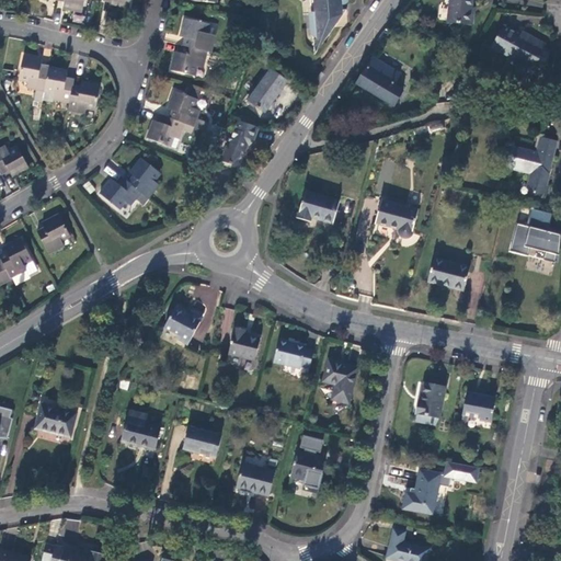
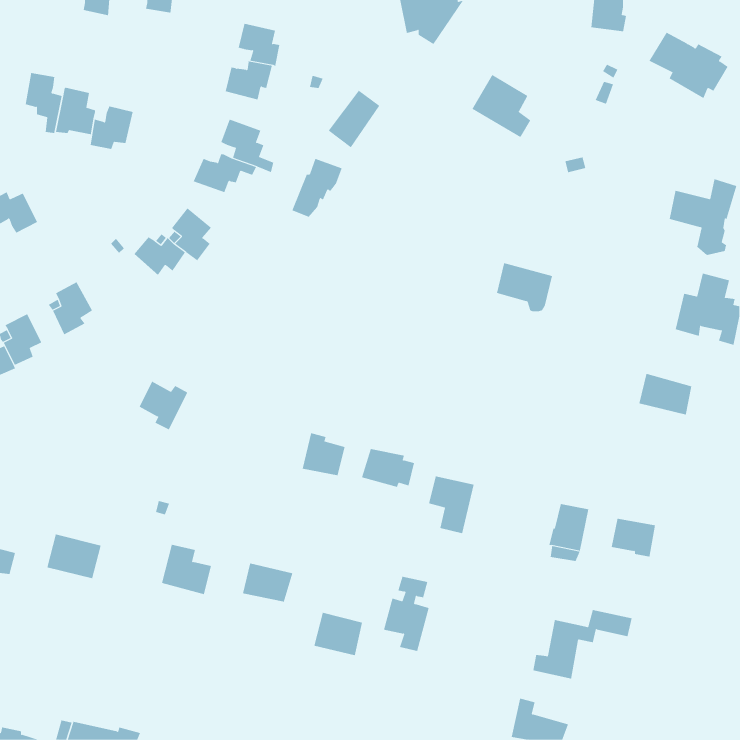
building: [297,190,339,222] -> none
building: [427,256,468,288] -> [639,373,692,415]
building: [164,307,202,344] -> [139,381,188,430]

